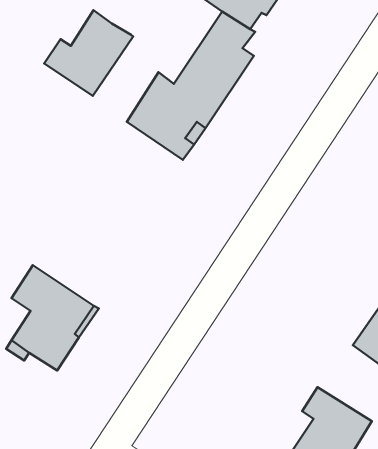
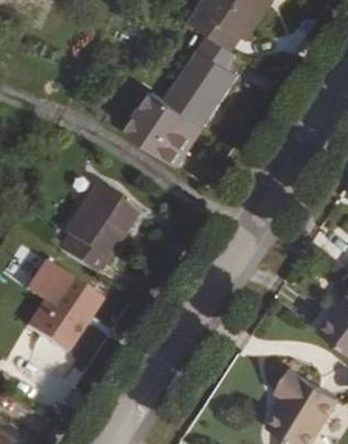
building: [44,10,133,96] -> none
building: none -> [60,184,136,278]

